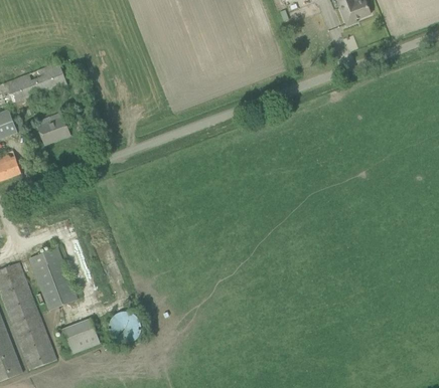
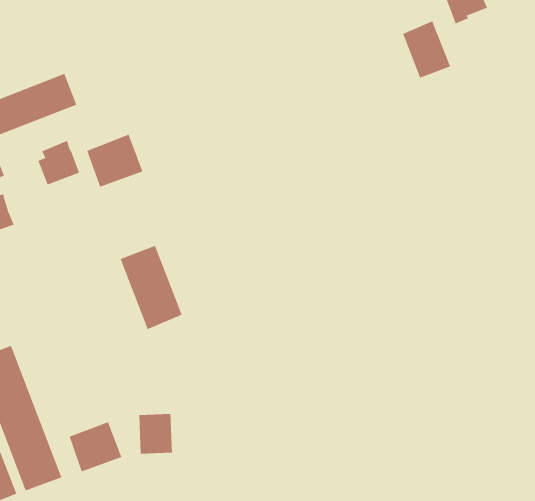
building: none -> [402,21,451,78]
building: none -> [86,134,143,188]
building: [29,247,76,310] -> [120,245,183,330]

